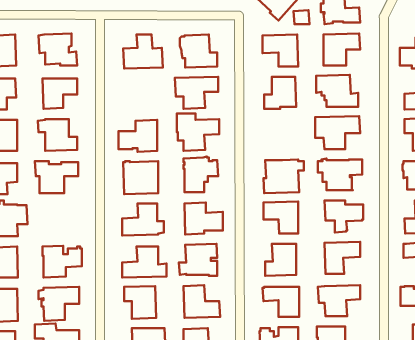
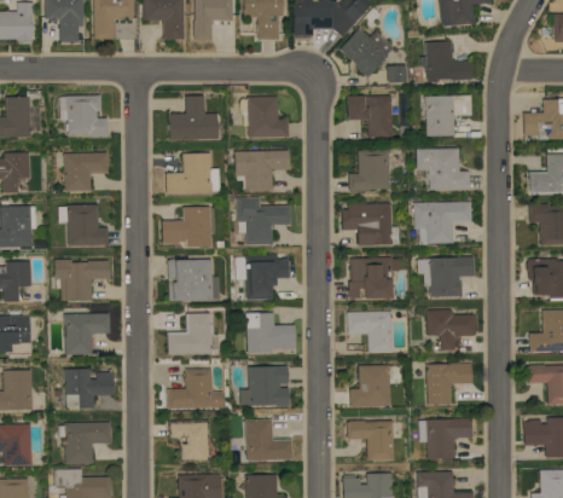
building: none -> [166,152,220,193]
building: none -> [342,203,393,245]
building: none -> [64,312,111,354]

